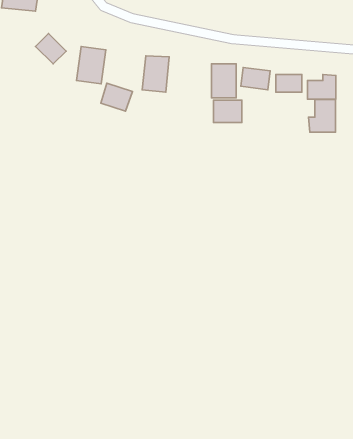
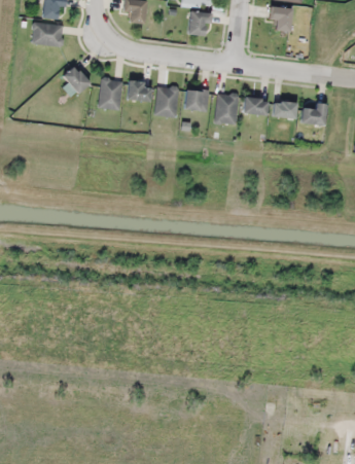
building: [101,83,133,111] -> [126,79,153,104]
building: [308,100,335,132] -> none
building: [214,100,242,122] -> [184,91,209,110]

